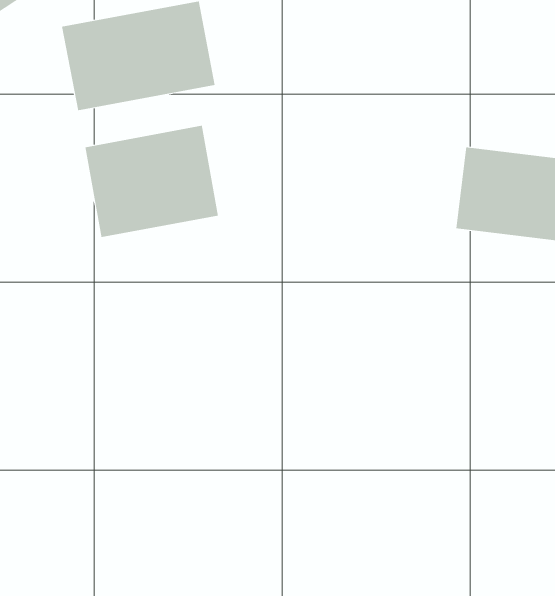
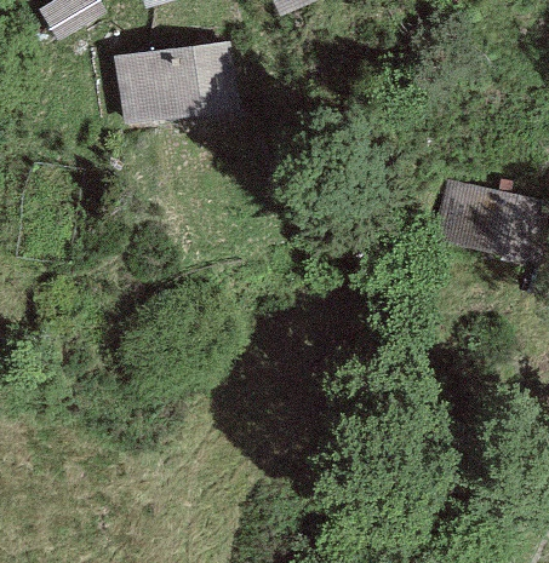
building: [85,125,219,238] -> none

